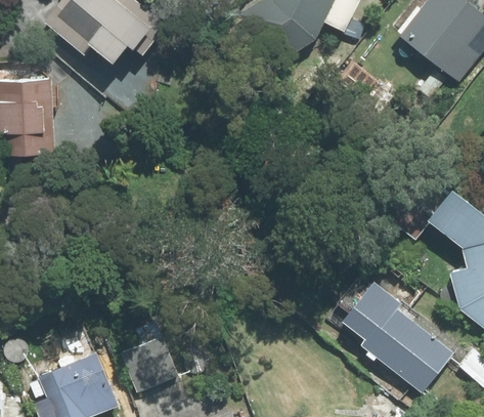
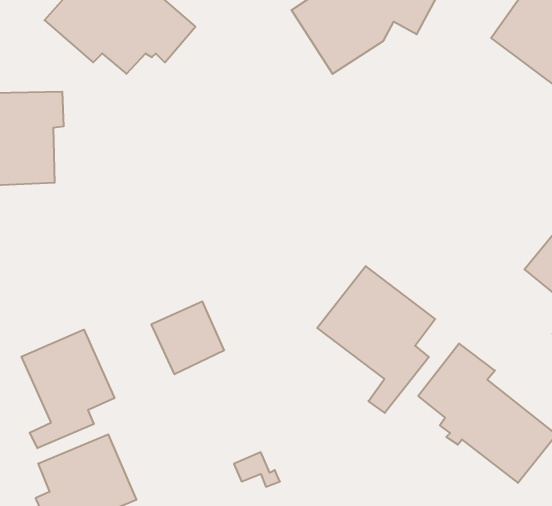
building: none -> [317,266,435,413]
building: none -> [22,330,114,448]
building: [121,333,179,391] -> [151,301,224,374]

